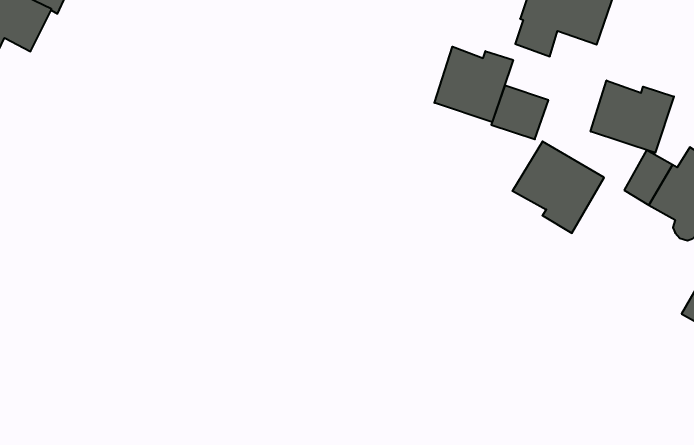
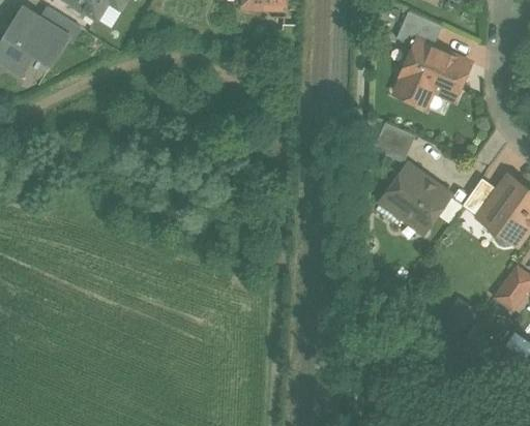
building: [434,47,513,122] -> none
building: [591,80,674,153] -> none

